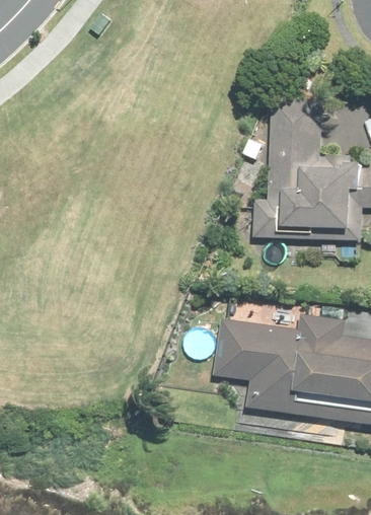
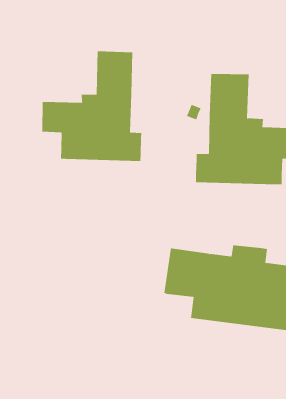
building: none -> [42,50,142,162]

